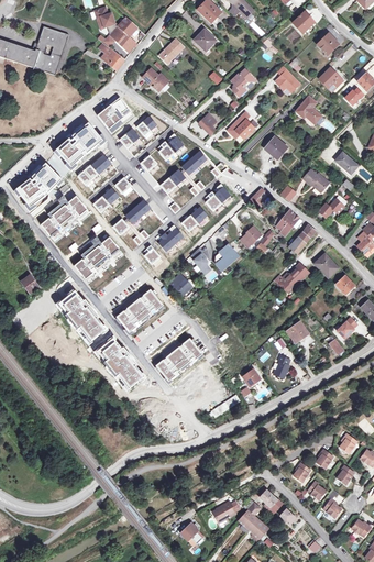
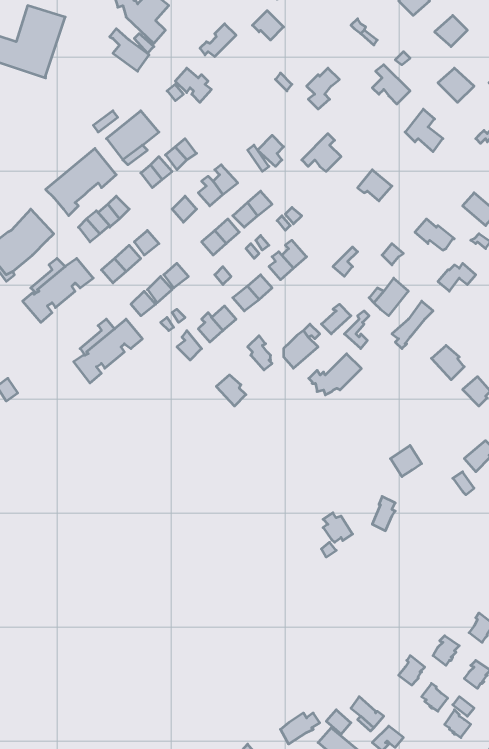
building: [274,263,309,290] -> [309,354,361,395]
building: [117,288,162,330] -> none
building: [58,290,106,342] -> none
building: [96,338,144,390] -> none
building: [153,338,200,381] -> none

